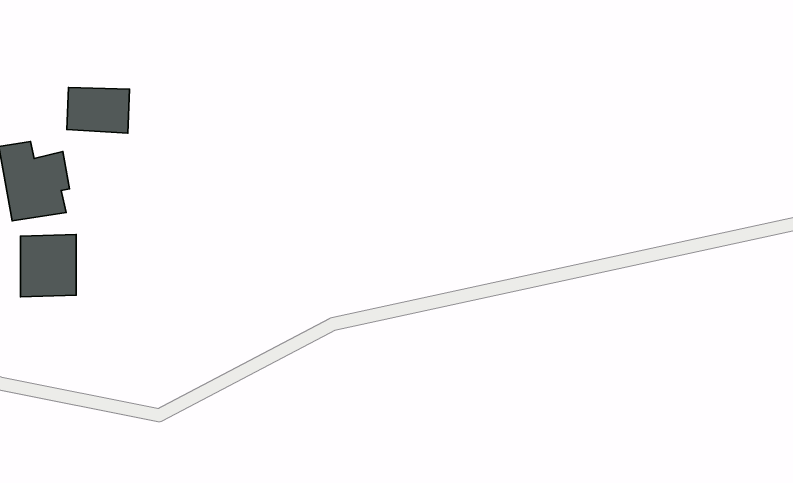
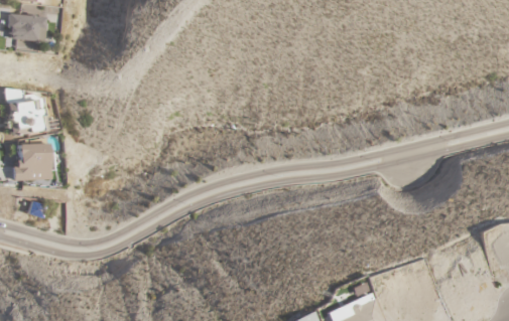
building: [67,87,129,133] -> [8,14,45,41]

